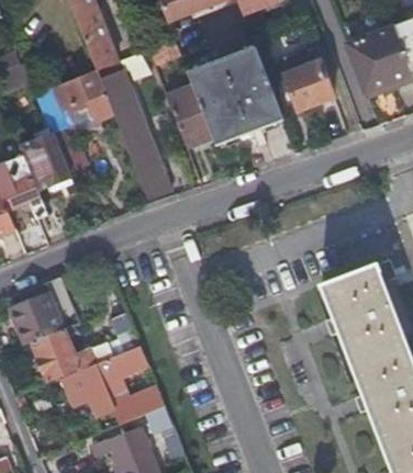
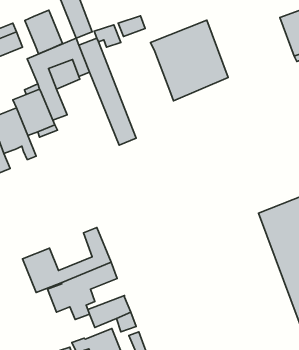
building: none -> [25,10,62,54]
building: [279,46,334,111] -> none
building: [166,86,212,147] -> none
building: [9,275,79,344] -> none

